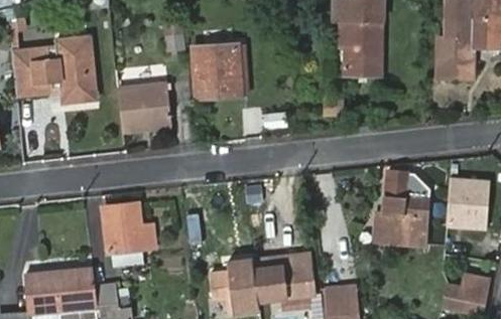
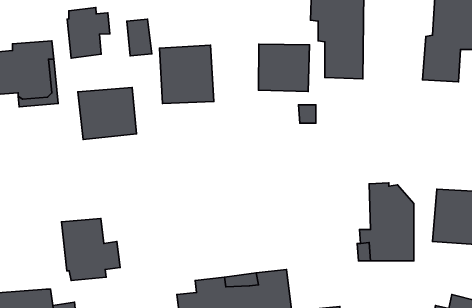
building: none -> [67,8,110,58]
building: none -> [259,44,310,92]

